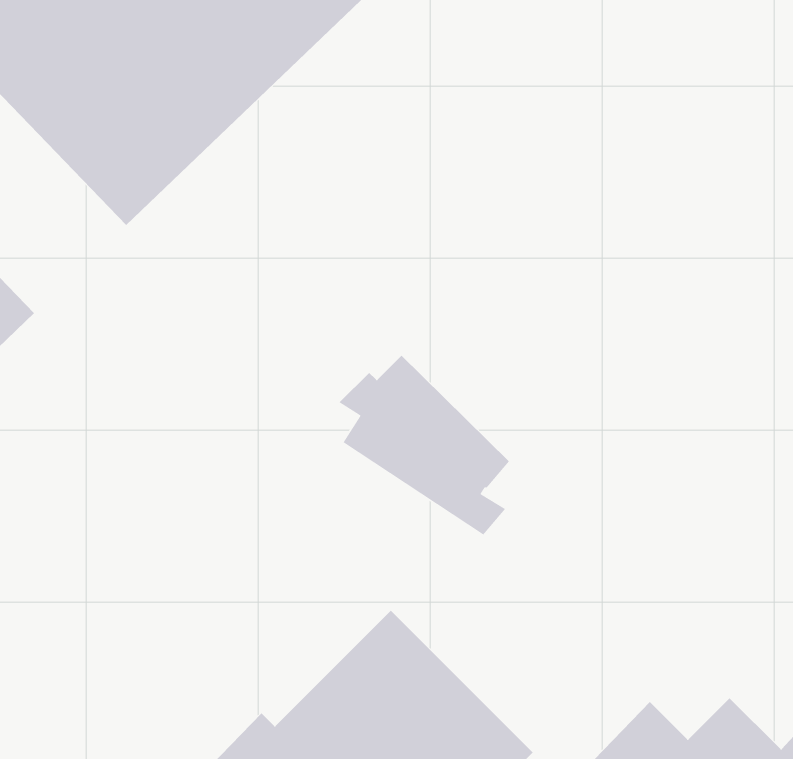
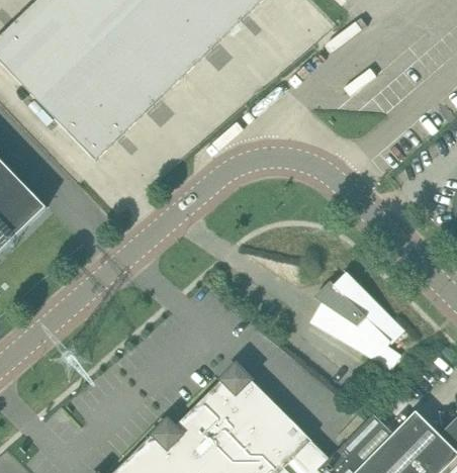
building: [339,355,510,536] -> [311,273,402,369]

